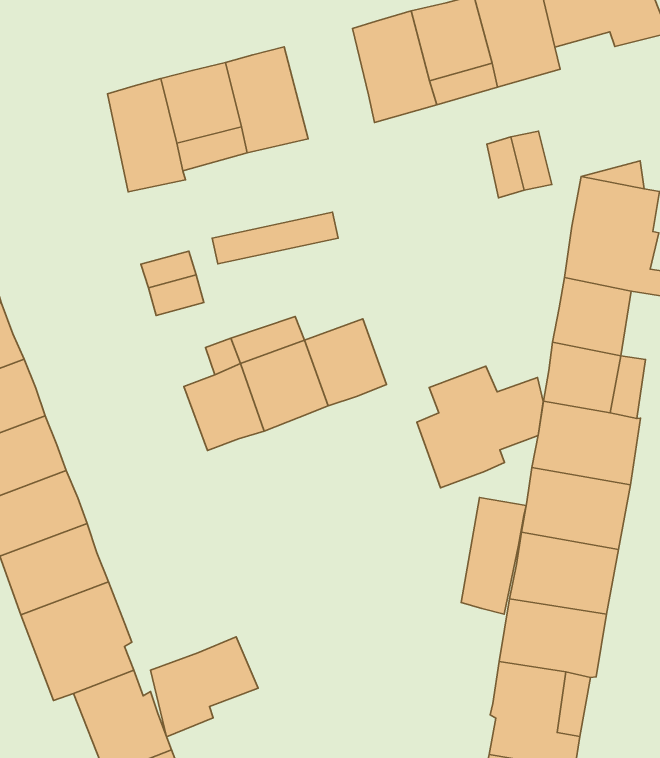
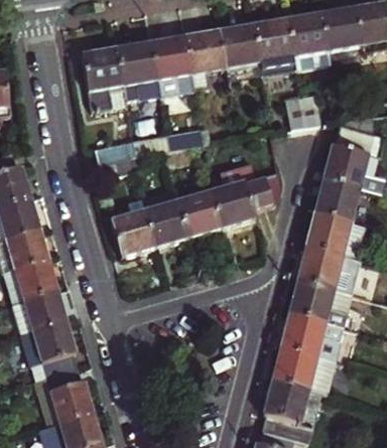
building: none -> [182,32,226,90]
building: [417,366,543,488] -> [214,161,282,225]
building: [461,498,526,614] -> none
building: [151,637,258,737] -> none

